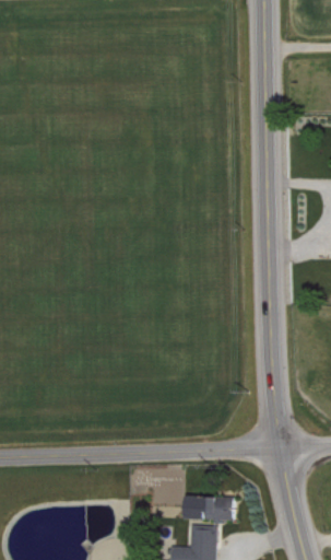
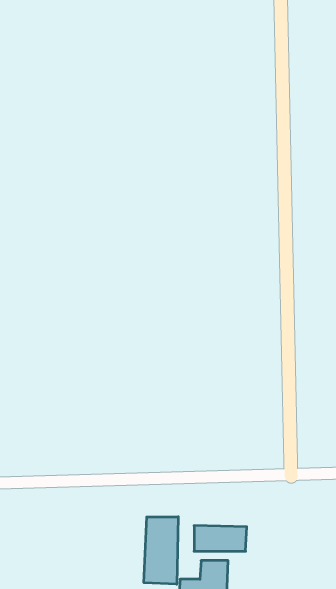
building: none -> [144,517,178,584]

